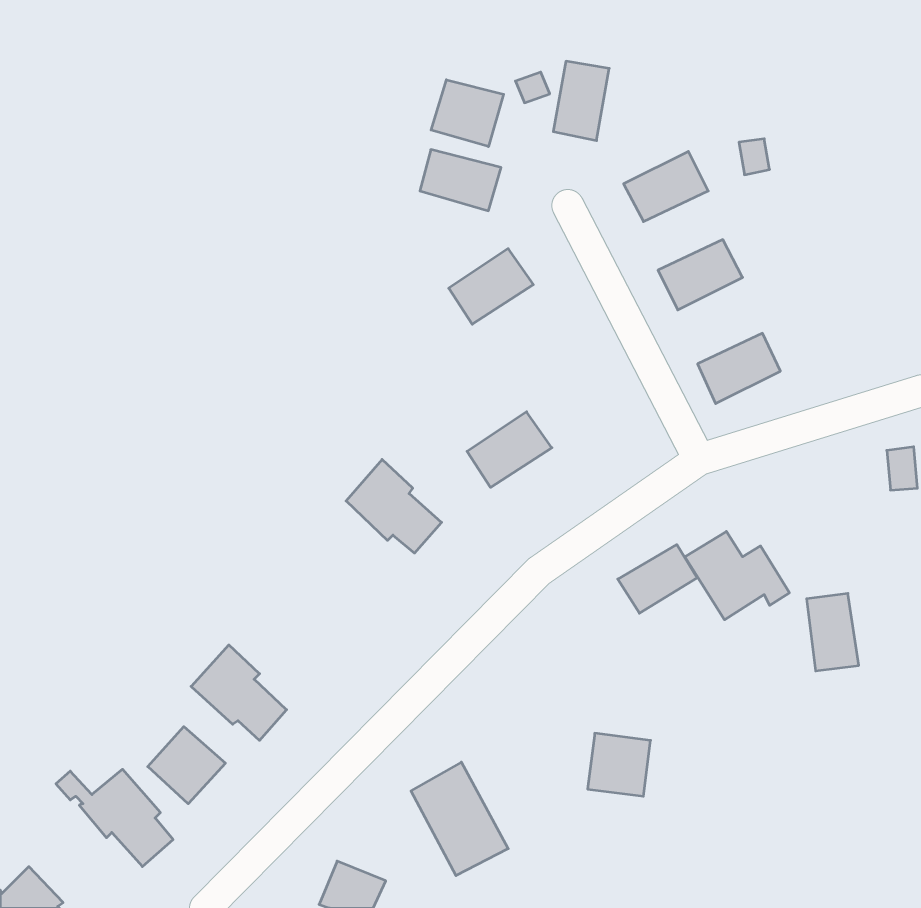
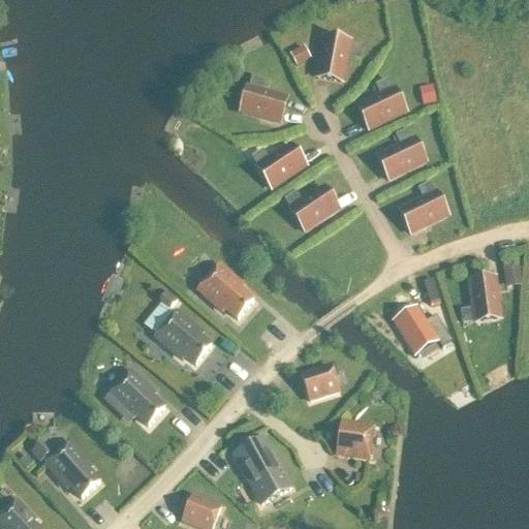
building: [431,80,504,147] -> none
building: [467,412,552,487] -> [290,186,339,229]
building: none -> [155,290,211,363]
building: [618,545,697,613] -> none
building: [807,593,859,671] -> [470,276,500,320]
building: none -> [302,365,338,399]
building: [148,727,225,804] -> none

